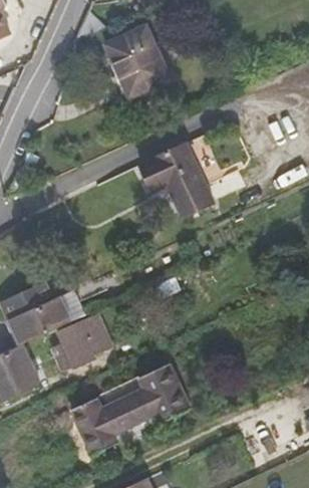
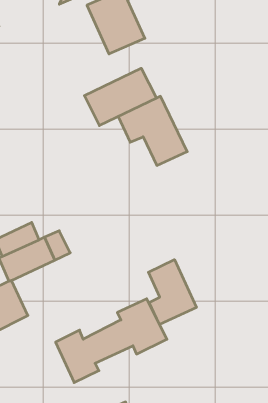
building: none -> [84,68,156,126]
building: [56,313,106,368] -> none
building: none -> [148,260,196,325]

